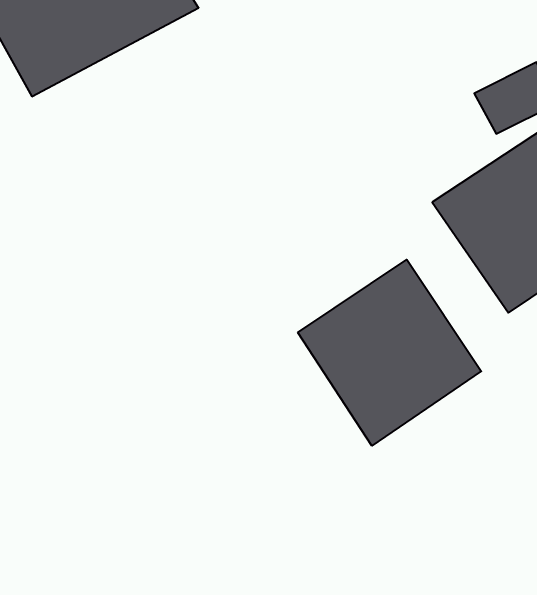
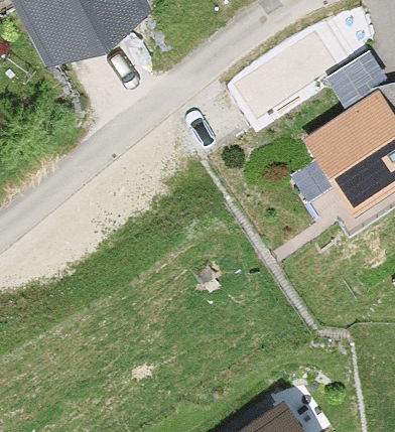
building: [298,260,481,446] -> none

